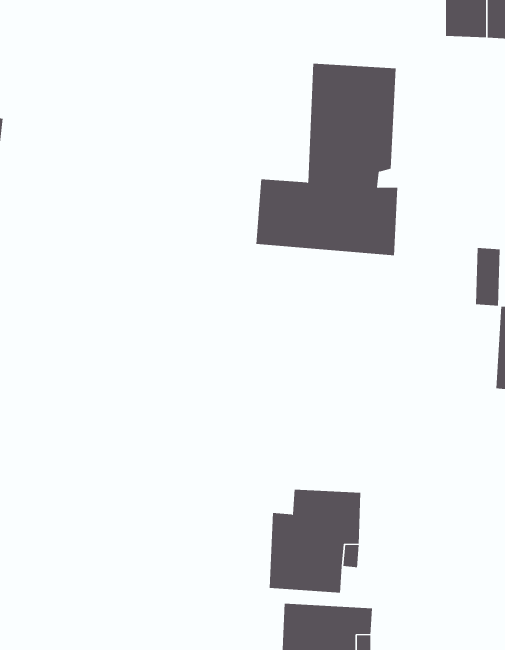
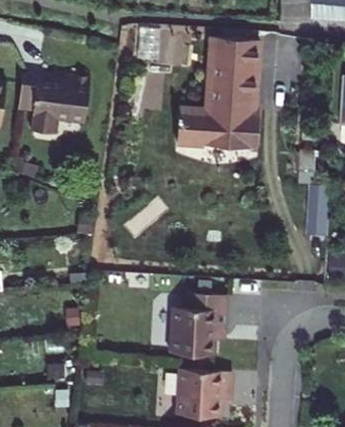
building: none -> [21,70,93,130]

